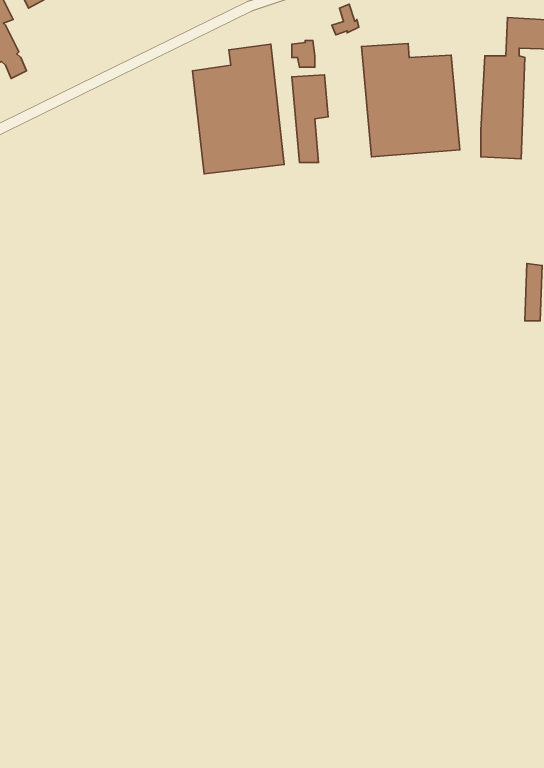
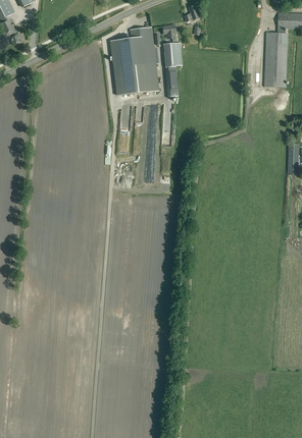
building: [362,43,460,157] -> none

